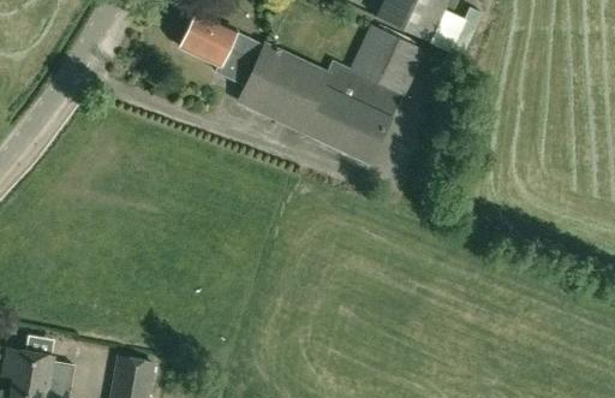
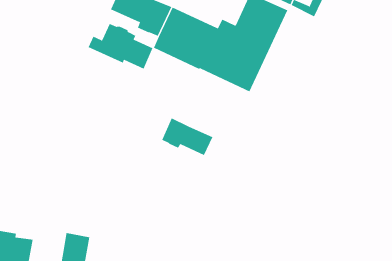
building: none -> [88,23,153,70]
building: none -> [162,117,213,156]

